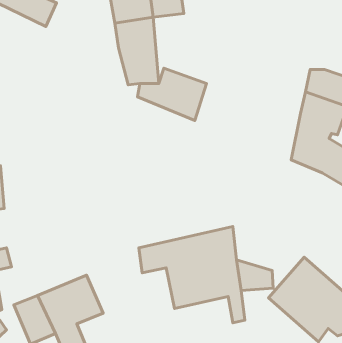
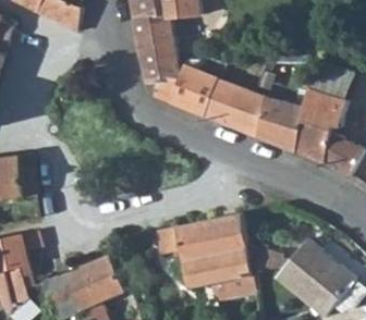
building: none -> [208,81,305,150]

